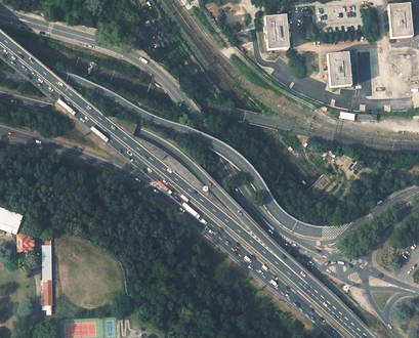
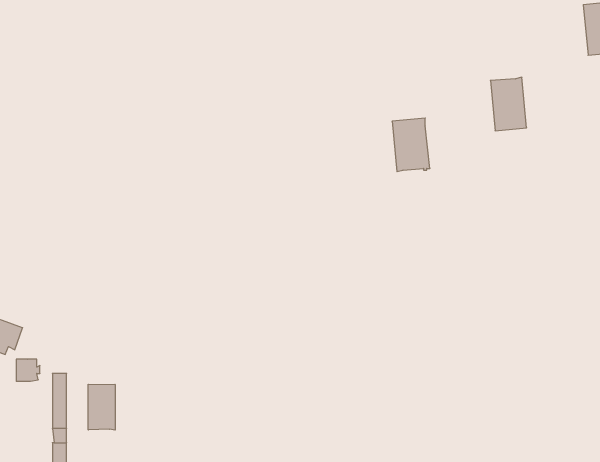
building: [264,15,289,50] -> [392,118,430,172]
building: none -> [88,384,115,430]

